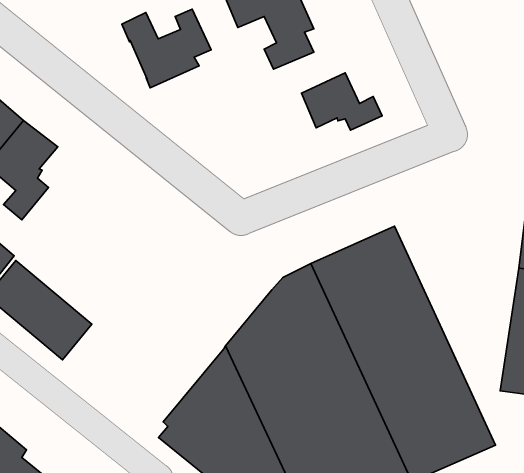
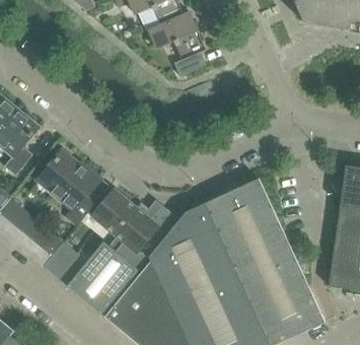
building: [122,9,211,88] -> none
building: [301,73,382,130] -> none
building: none -> [40,151,98,225]
building: none -> [45,191,179,315]

